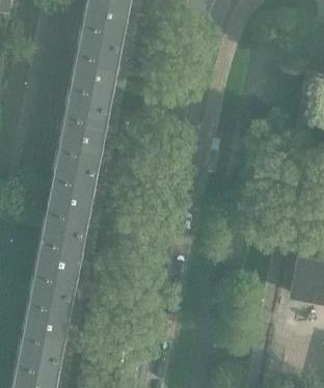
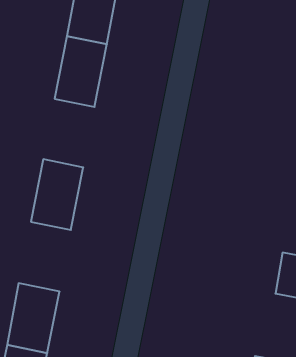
building: [56,101,108,170] -> none
building: [31,225,84,296] -> none

